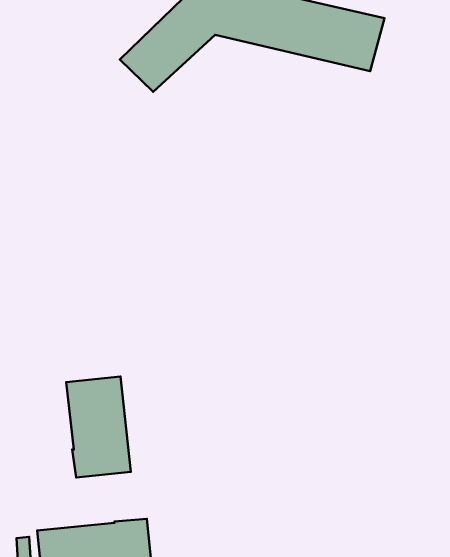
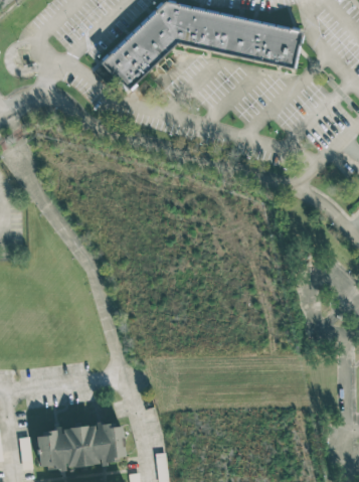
building: [66,376,131,477] -> none

